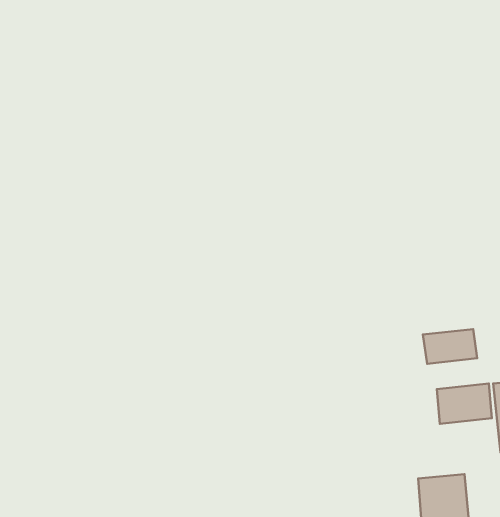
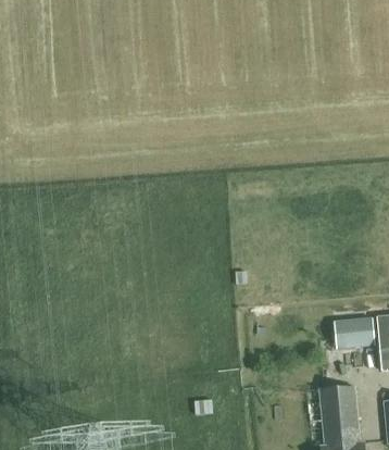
building: [423,329,477,364] -> none

